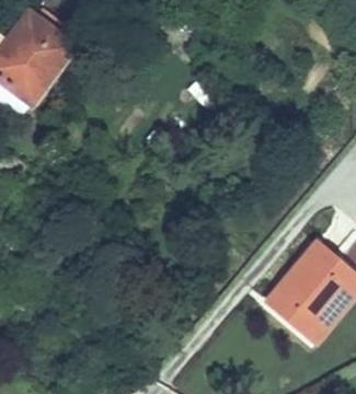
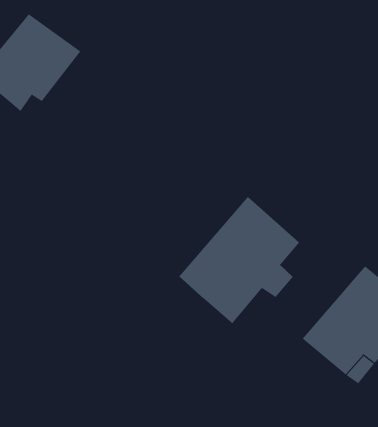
building: none -> [179,196,300,324]

